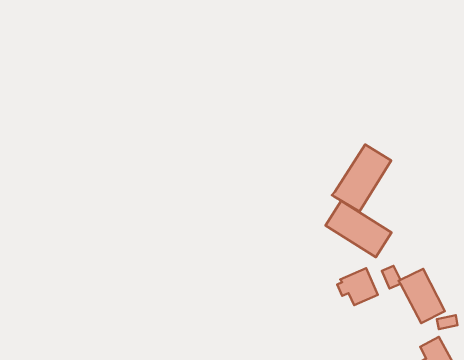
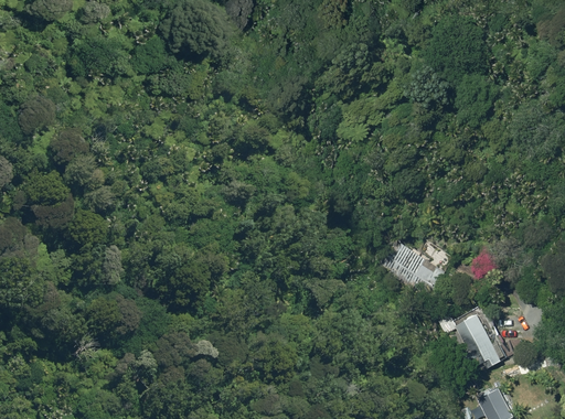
building: [332,144,391,211] -> none
building: [337,268,378,305] -> none

